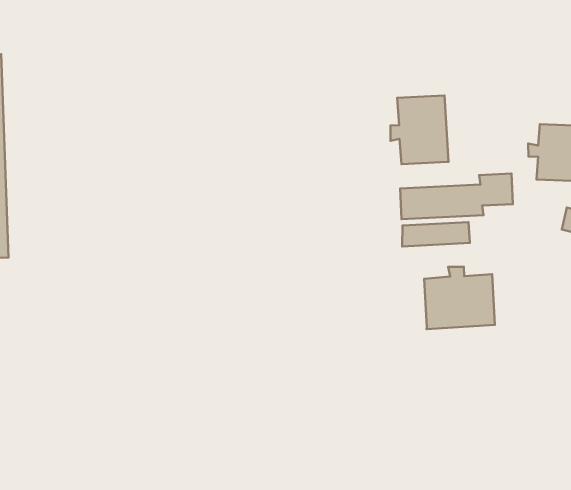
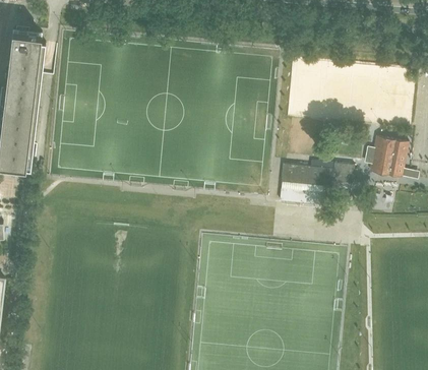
building: [390,96,448,164] -> none
building: [424,267,495,329] -> none

